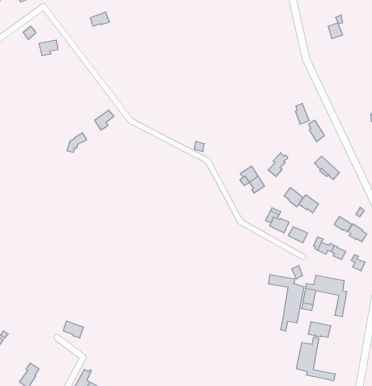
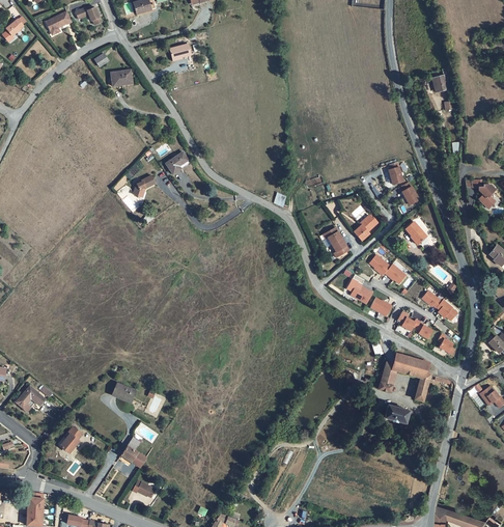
building: [268,274,304,331] -> none
building: [296,337,335,381] -> none

